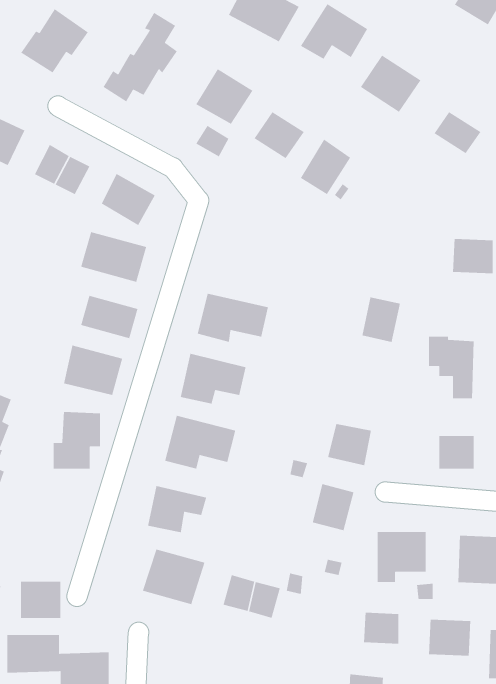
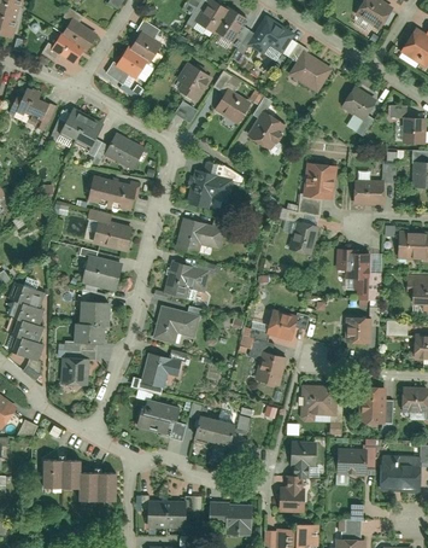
building: none -> [299,162,338,215]
building: none -> [188,170,233,208]
building: [20,581,61,619] -> [60,358,89,385]

